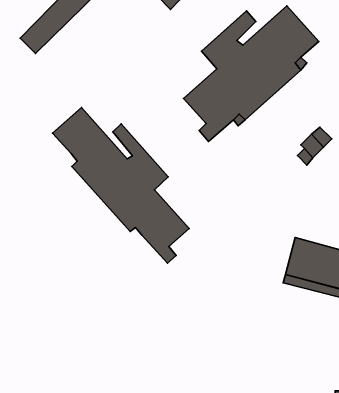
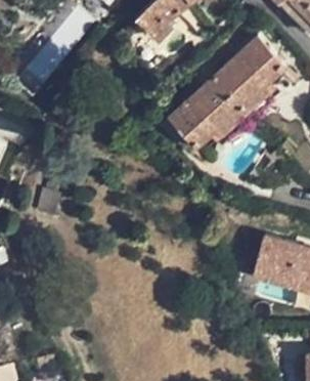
building: [52,108,189,263] -> none

